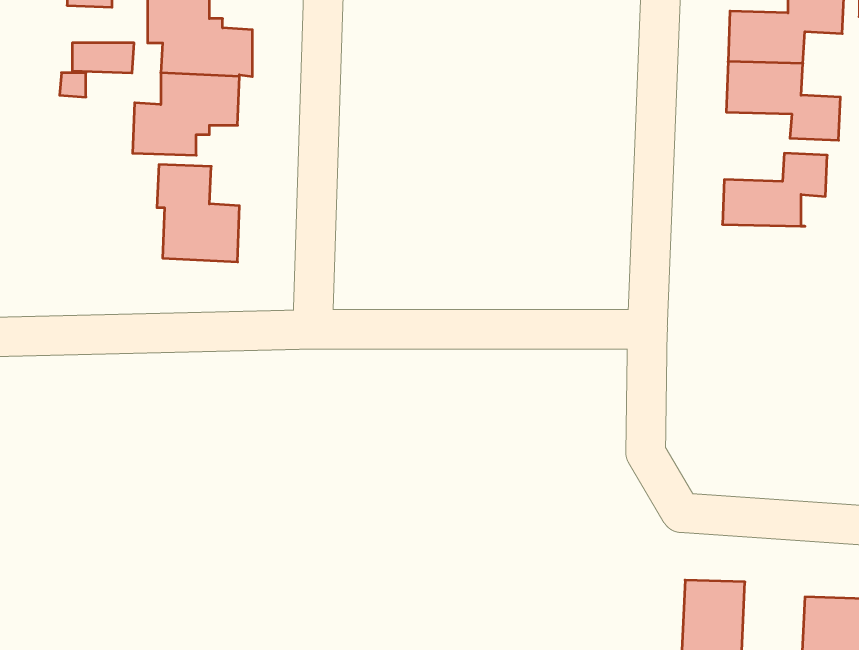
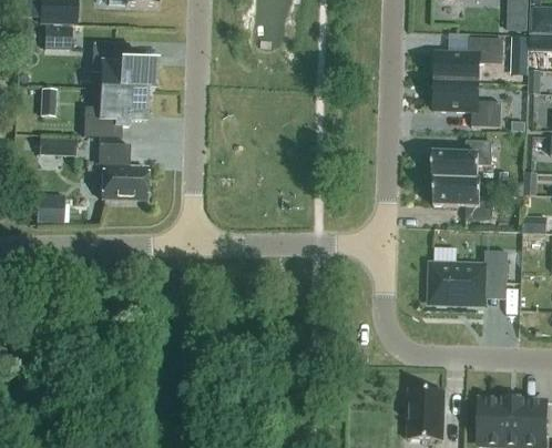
building: [72,43,134,73] -> [38,138,74,155]
building: none -> [431,177,493,220]
building: none -> [35,193,63,222]
building: none -> [430,250,507,303]

